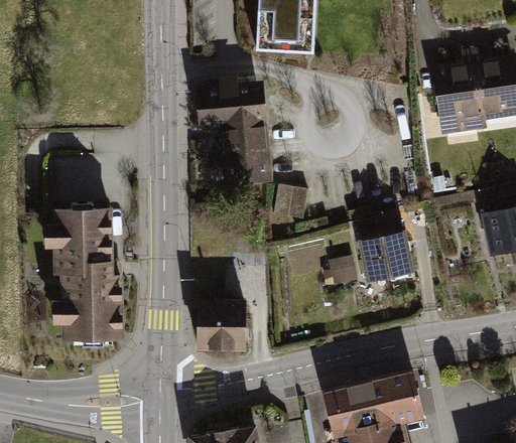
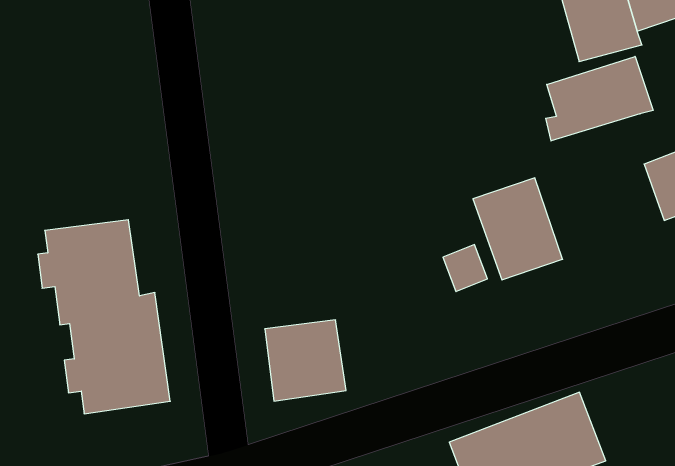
building: [199,88,266,183] -> none
building: none -> [546,56,653,141]
building: [275,187,309,222] -> none

